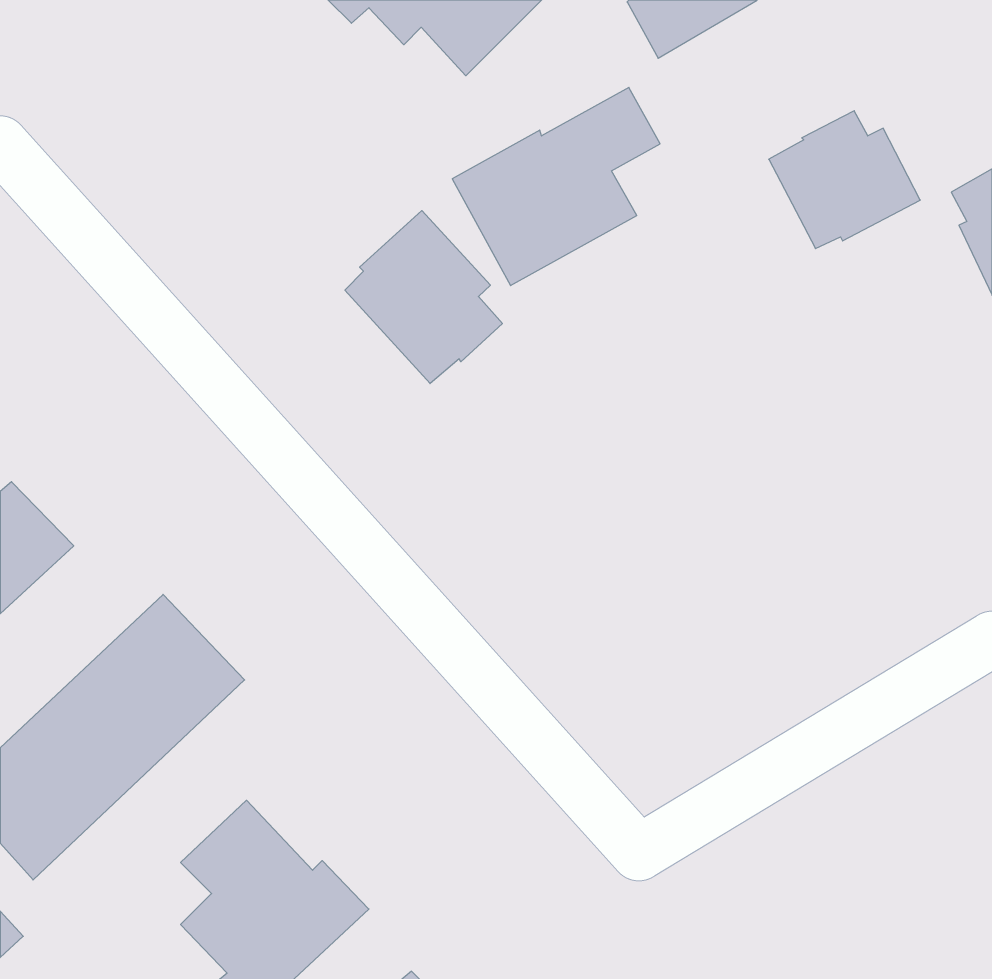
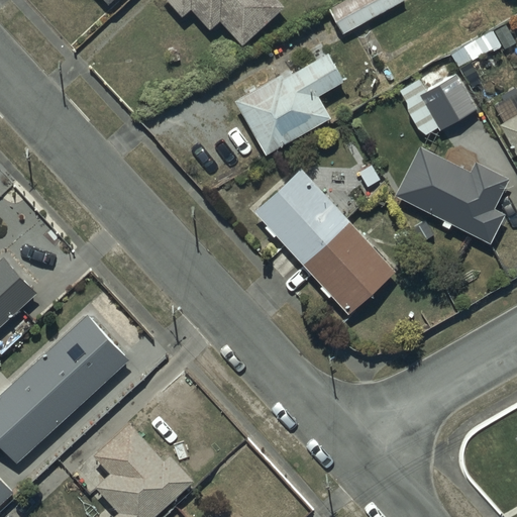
building: [345,211,502,384] -> none
building: none -> [394,144,510,244]
building: none -> [254,168,396,315]

